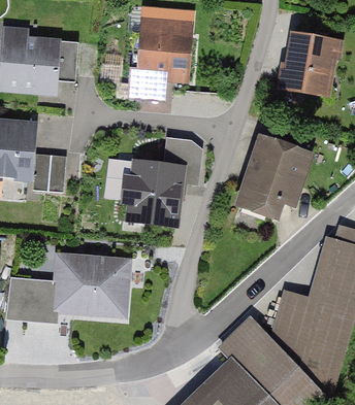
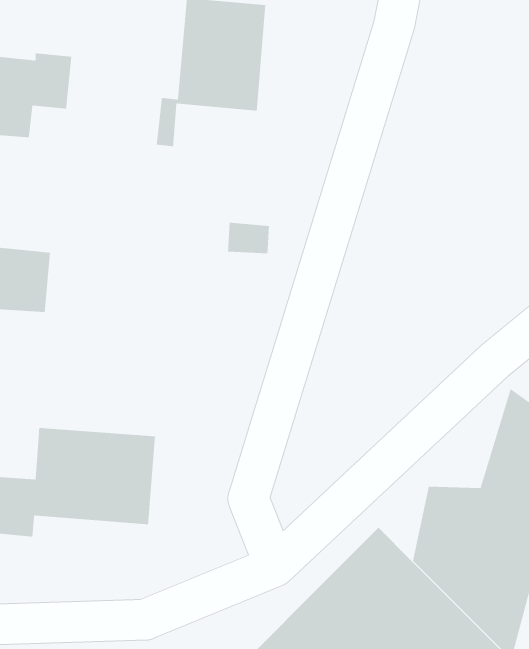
building: [279,36,333,94] -> none
building: [238,141,308,214] -> none
building: [122,162,198,226] -> none

